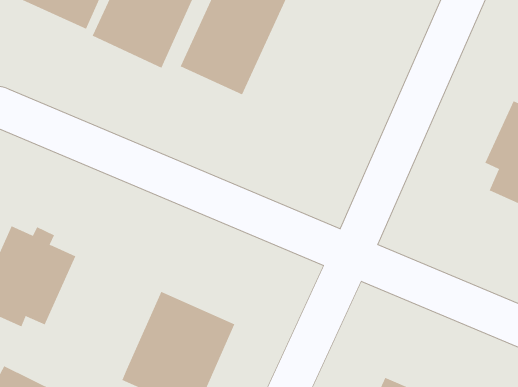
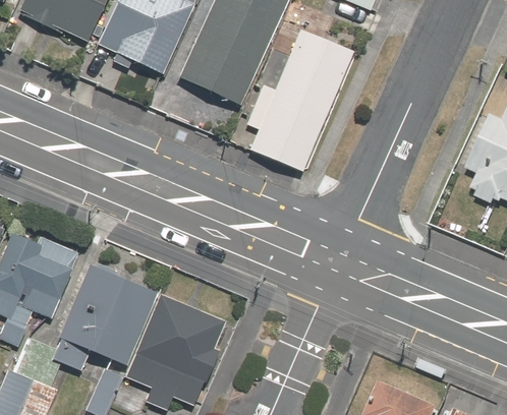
building: none -> [243,24,356,173]
building: none -> [48,262,159,369]

